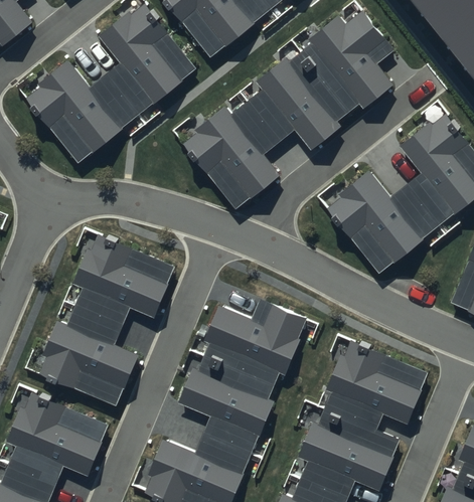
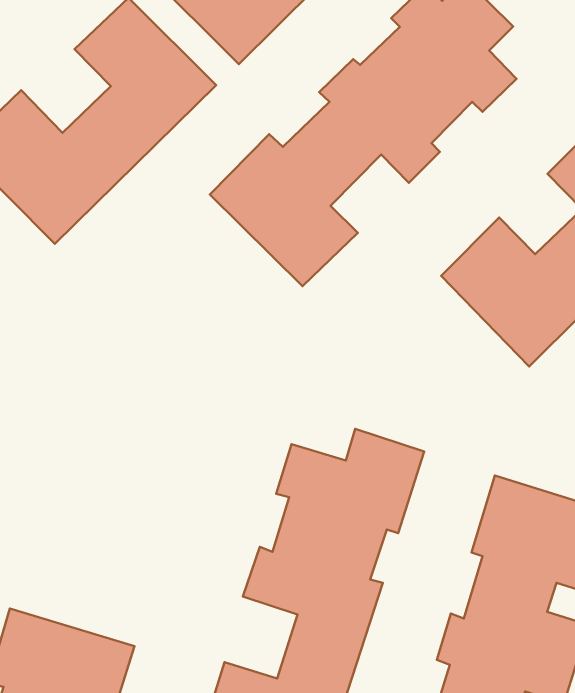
building: [42,235,173,403] -> none

